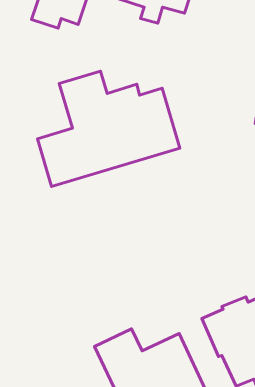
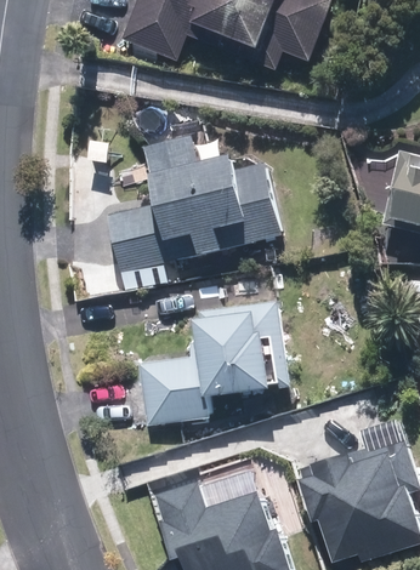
building: none -> [132,301,285,432]

